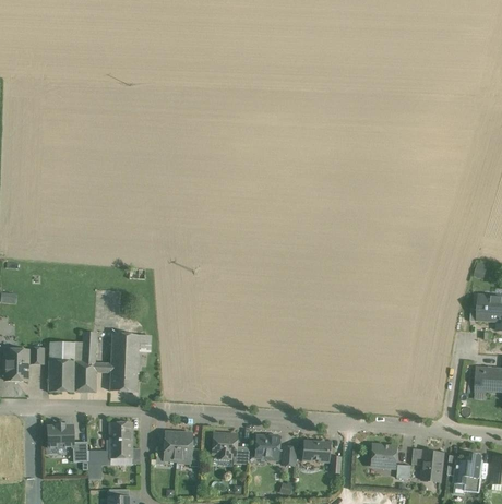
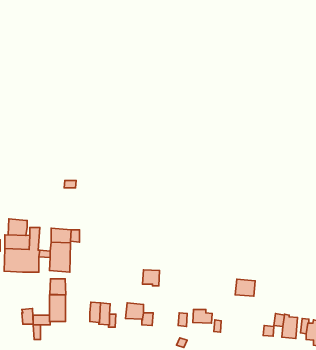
building: none -> [8,219,27,235]
building: none -> [50,279,66,295]
building: [47,424,73,447] -> none
building: [255,436,278,458] -> [143,270,160,286]
building: [370,444,397,467] -> [235,279,255,296]

